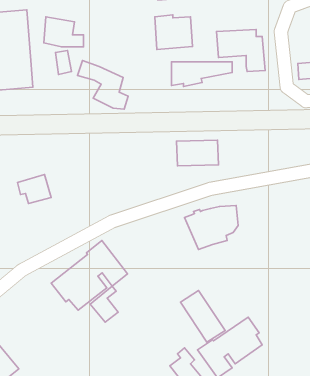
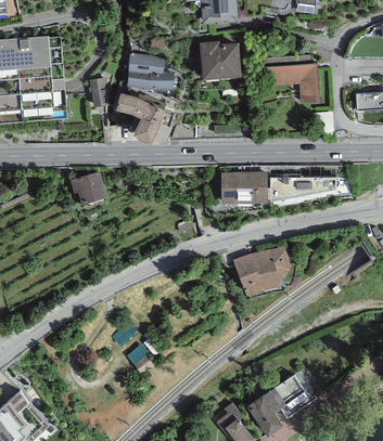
building: [44,17,83,47] -> [129,55,173,88]
building: [172,62,232,87] -> [270,177,336,204]
building: [18,175,51,203] -> [71,171,107,203]
building: [51,240,127,310] -> none
building: [180,291,225,342] -> none

